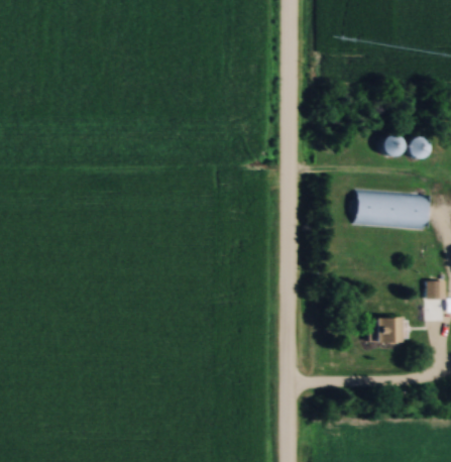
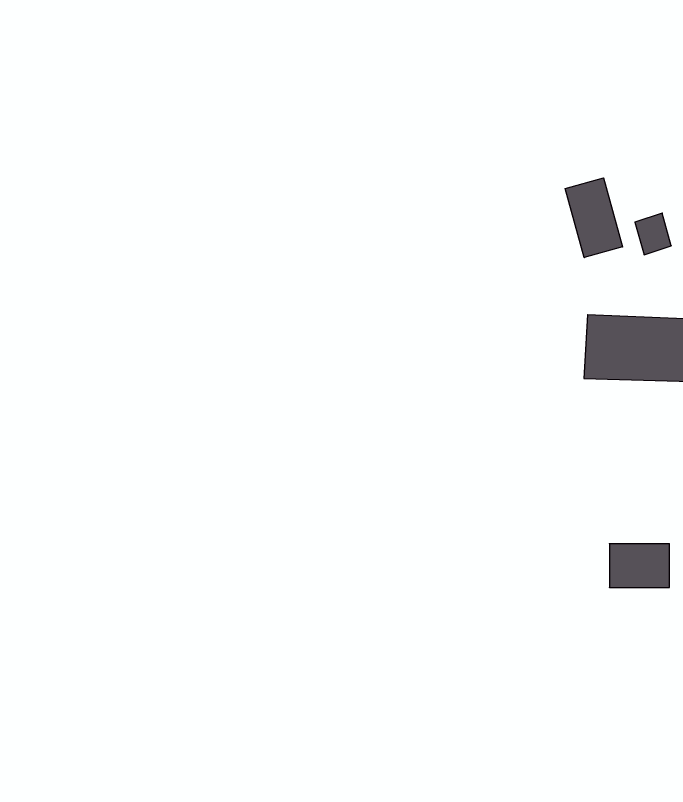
building: none -> [565,178,623,258]

